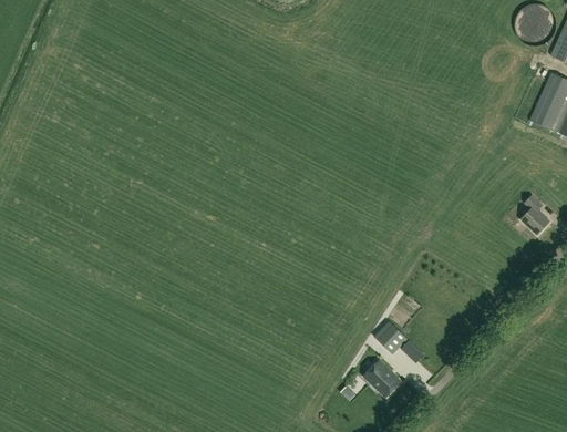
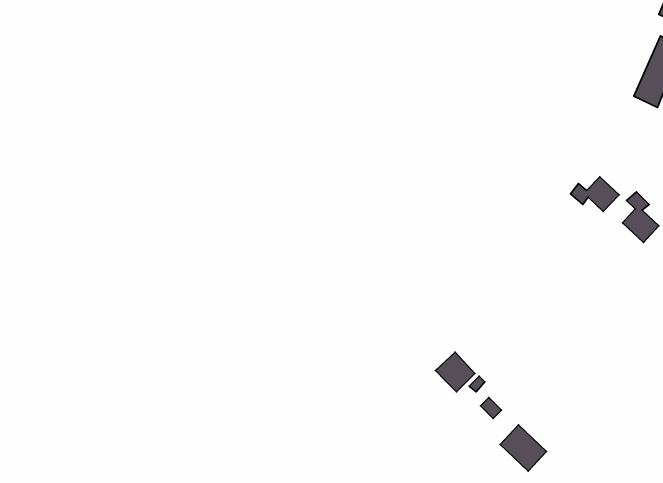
building: none -> [570,177,619,212]
building: [365,360,402,397] -> [500,425,547,471]

